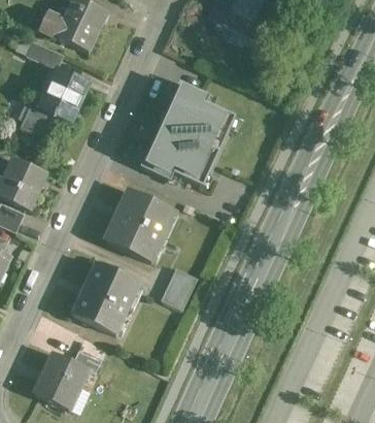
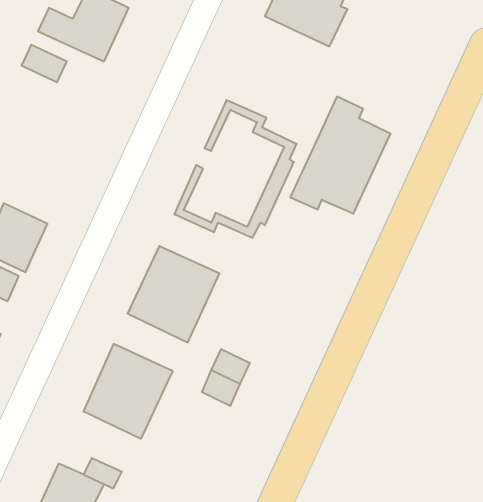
building: [20,69,88,138] -> none
building: [147,88,223,175] -> [290,97,391,214]

